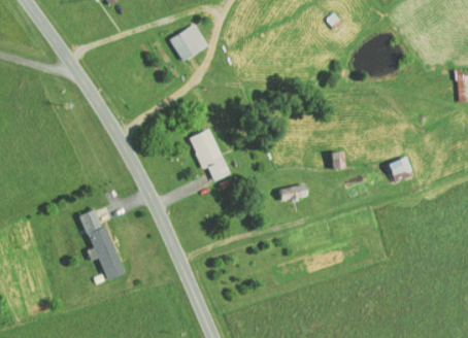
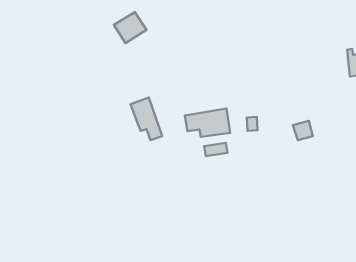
building: none -> [185,108,230,137]
building: [78,207,124,279] -> none

